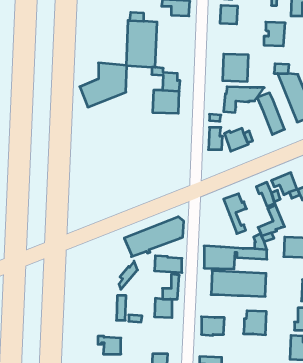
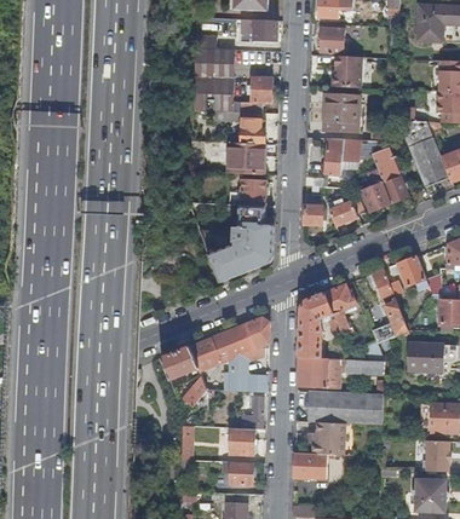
building: [264,22,285,46] -> [332,54,361,87]
building: none -> [241,76,272,113]
building: [80,63,127,107] -> [208,219,272,279]
building: none -> [362,169,391,211]
building: none -> [241,180,266,206]
building: none -> [298,292,333,357]
building: none -> [161,345,199,379]
building: [243,311,266,335] -> [312,422,344,455]
building: [98,336,121,354] -> [222,461,253,485]

